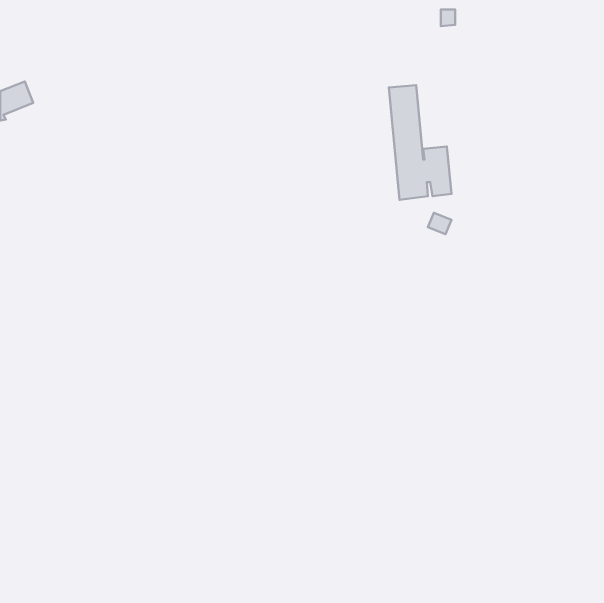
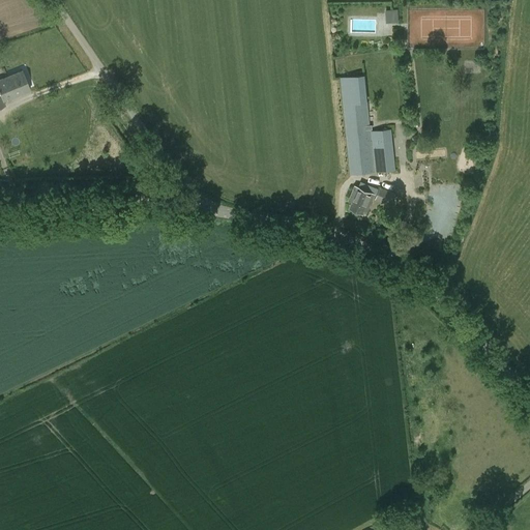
building: none -> [348,186,374,214]

